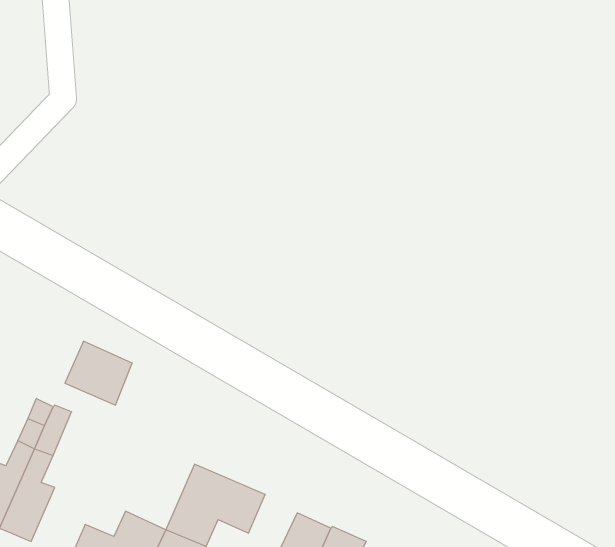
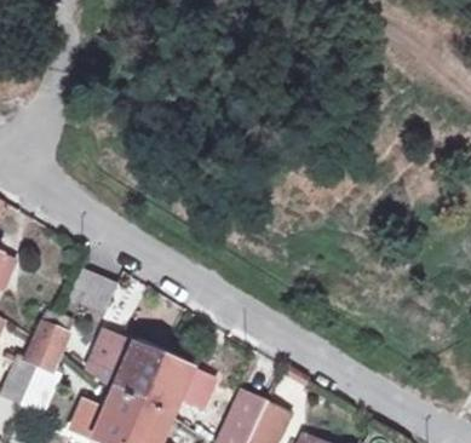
building: none -> [104,336,162,404]

